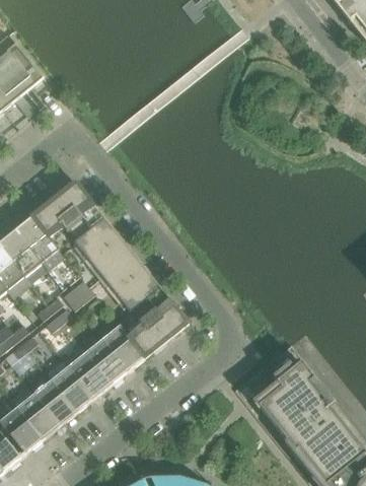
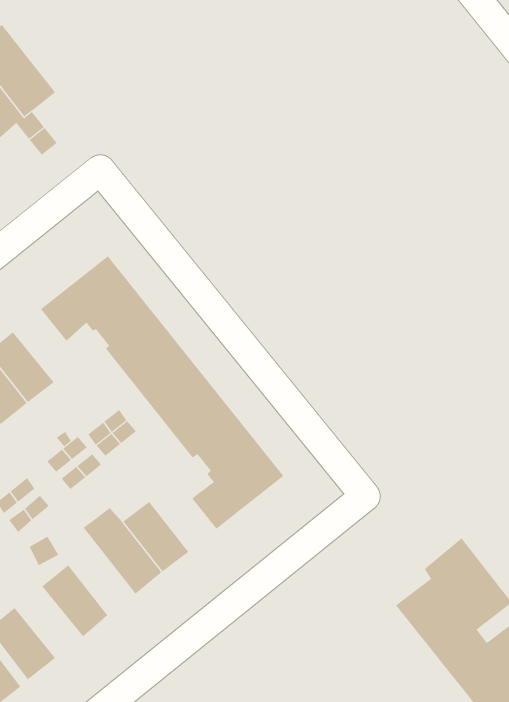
building: [14,215,58,262] -> none
building: [101,324,144,370] -> none
building: [50,365,92,411] -> none
building: [15,393,59,438] -> none

